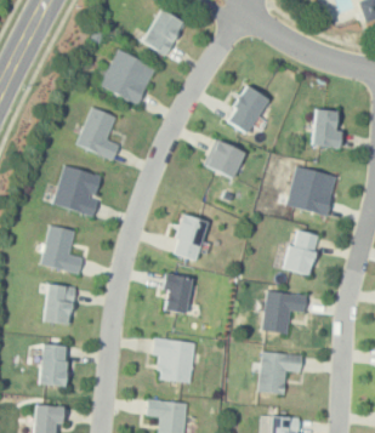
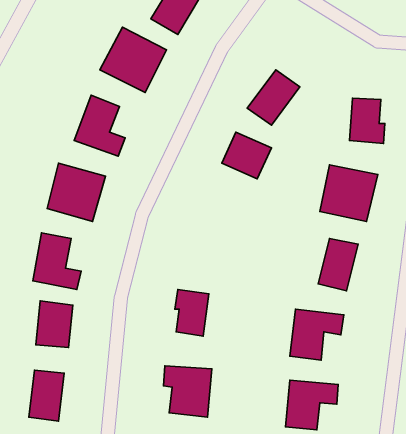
building: [174,213,206,260] -> none

